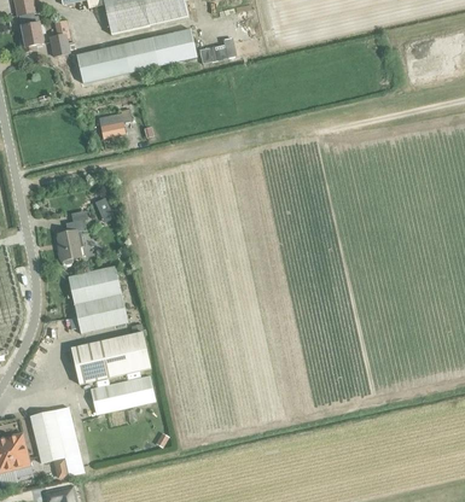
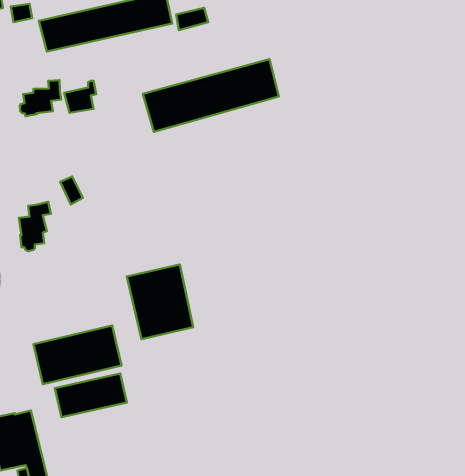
building: none -> [143,59,279,132]
building: none -> [20,80,61,116]
building: [66,265,127,333] -> [127,265,193,339]

